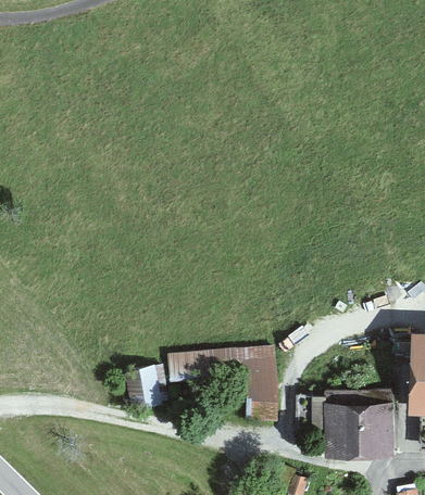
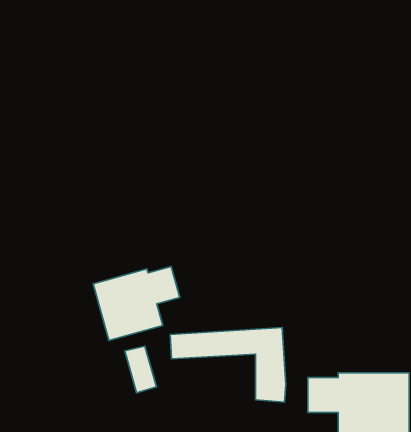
building: none -> [93,267,180,341]

